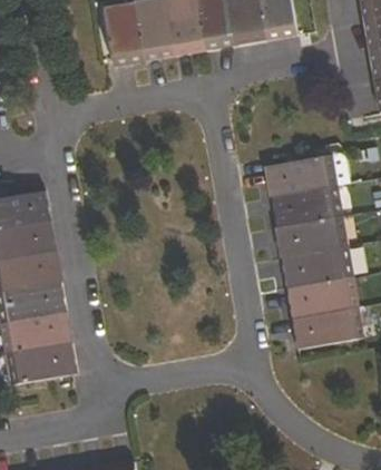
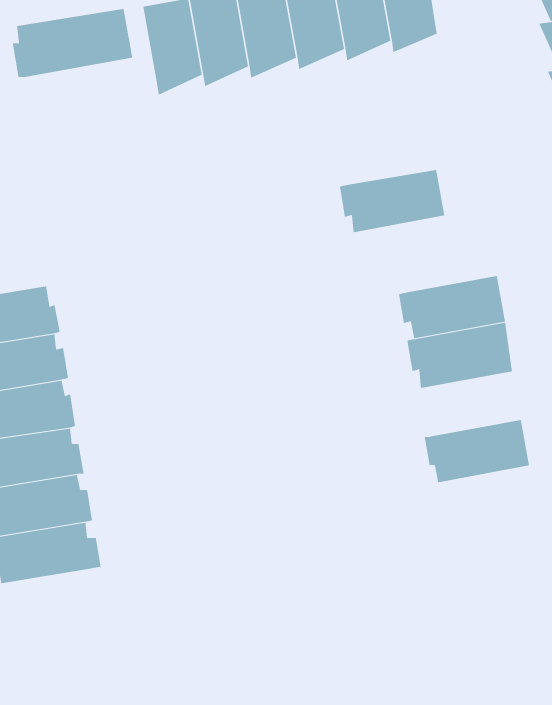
building: none -> [12,8,133,78]
building: [266,154,335,195] -> [339,169,445,233]
building: [282,246,351,288] -> none
building: [292,307,362,347] -> none

